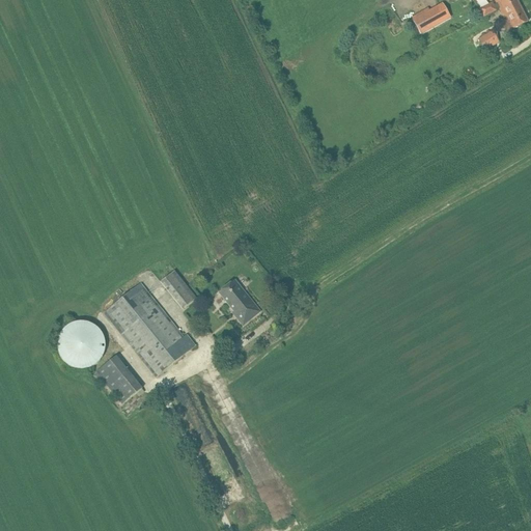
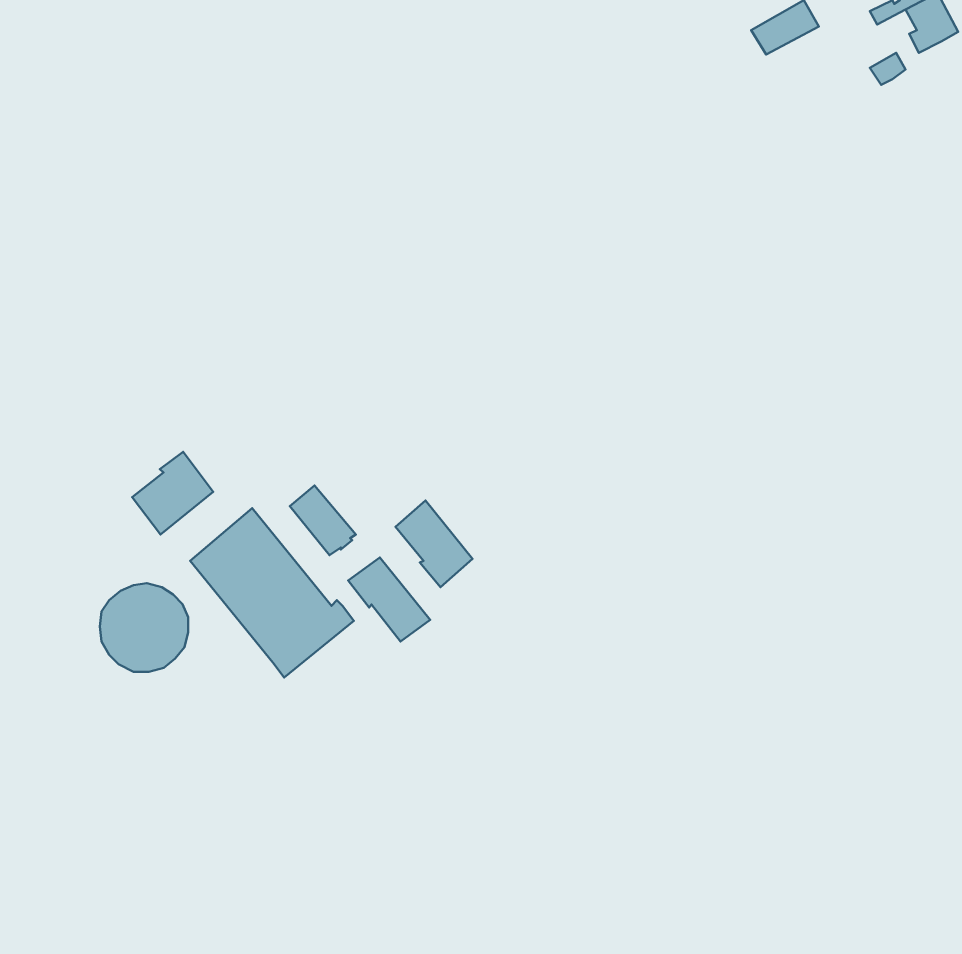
building: none -> [132,452,213,534]
building: none -> [348,558,430,642]
building: [95,353,142,401] -> none

